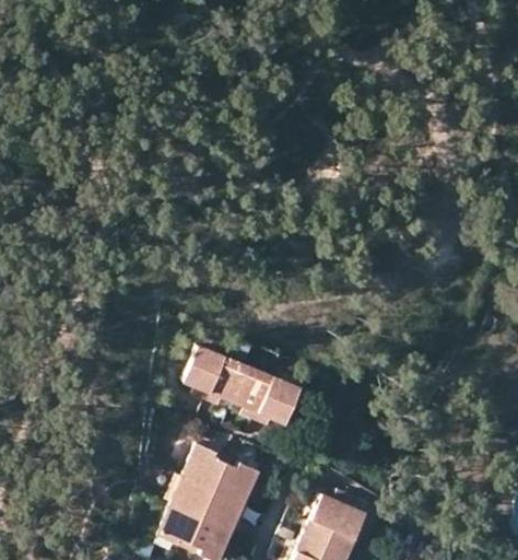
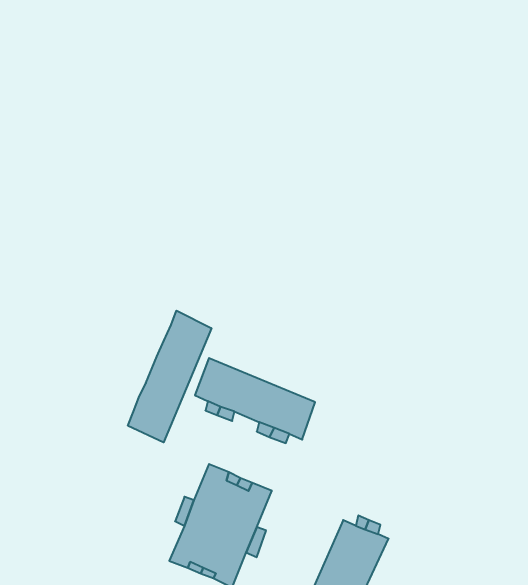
building: none -> [128,311,211,442]

